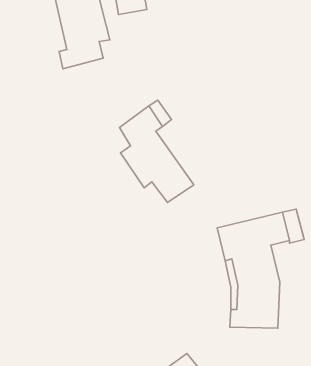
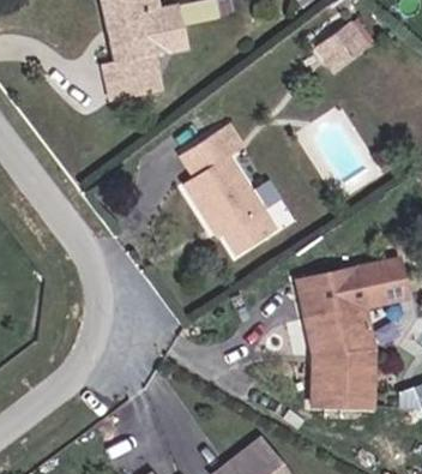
building: none -> [327,18,375,64]

